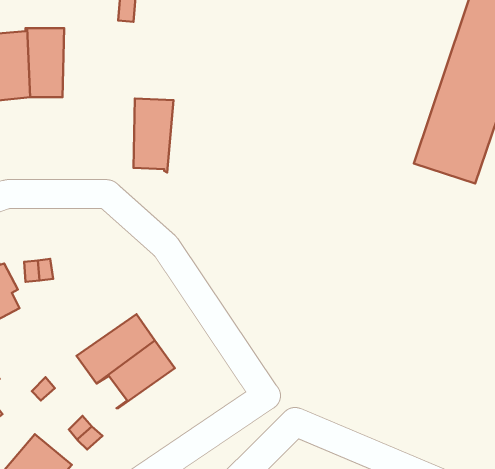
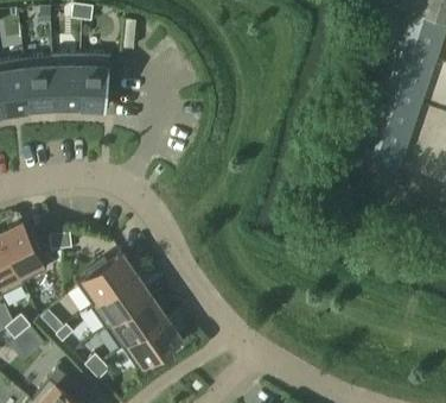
building: [133,99,173,172] -> [79,55,110,112]
building: none -> [77,254,136,308]
building: none -> [122,317,181,371]

